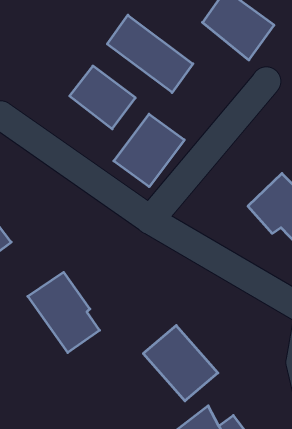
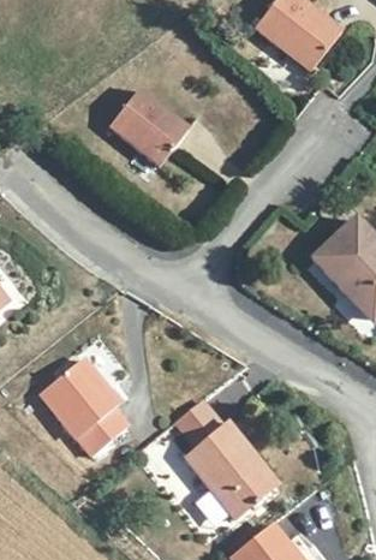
building: [107,15,193,93] -> none
building: [114,114,184,187] -> none

